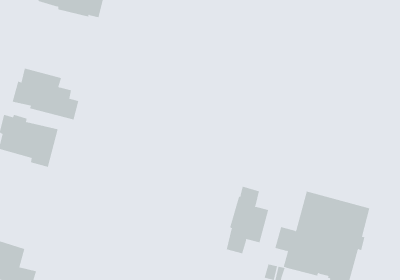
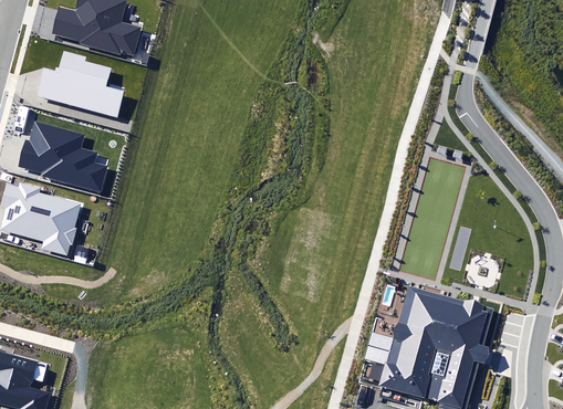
building: none -> [34,52,124,117]
building: [226,186,269,254] -> none

